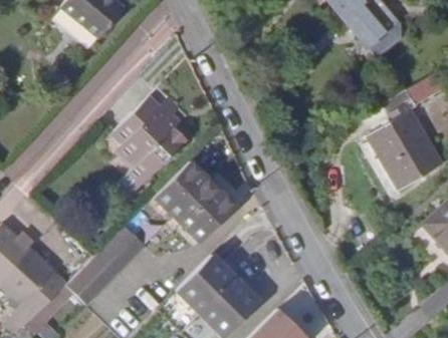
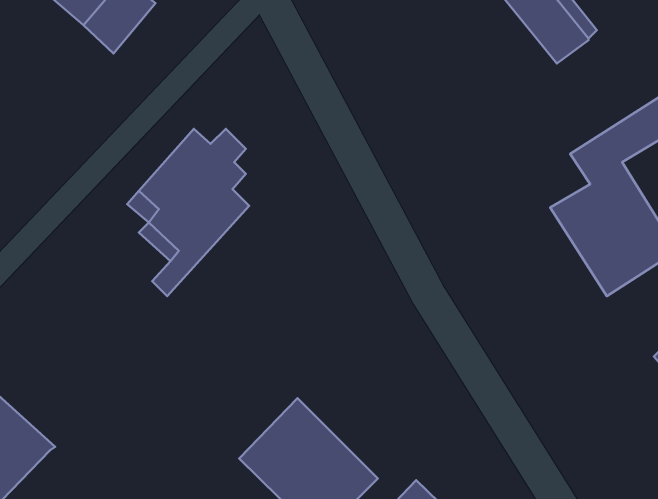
building: [154,158,236,241] -> none
building: [64,225,144,303] -> none

